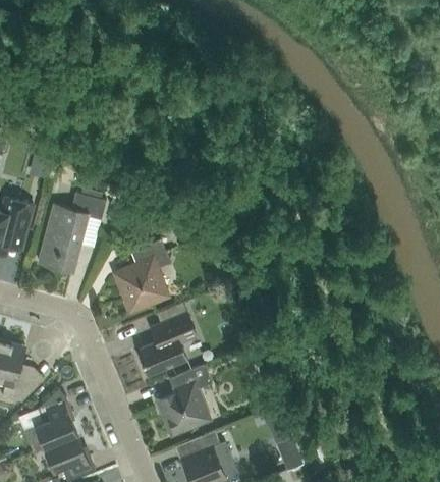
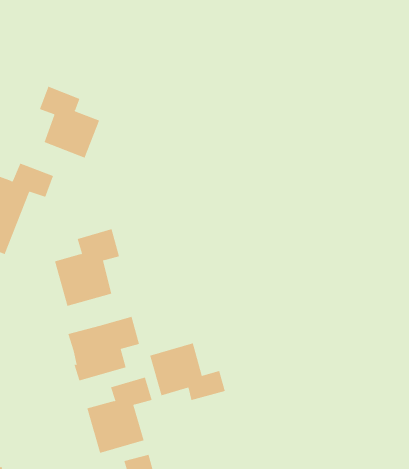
building: none -> [39,86,100,159]
building: none -> [149,343,225,401]

